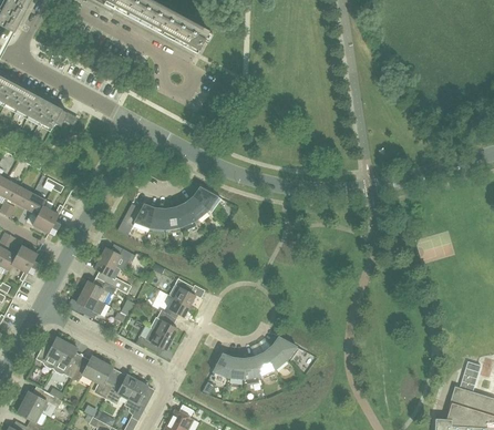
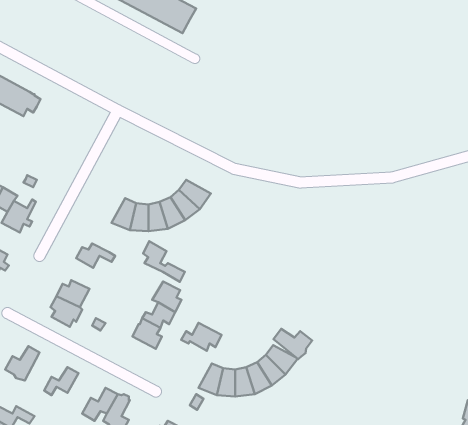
building: [94,256,132,293] -> [143,241,185,282]
building: none -> [273,329,312,359]
building: [135,327,172,352] -> [181,323,222,351]
building: [53,341,78,376] -> none
building: [92,360,113,397] -> none

